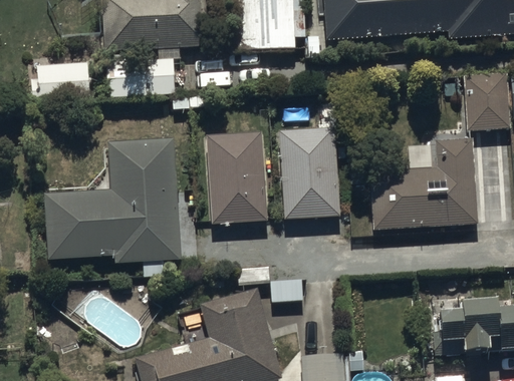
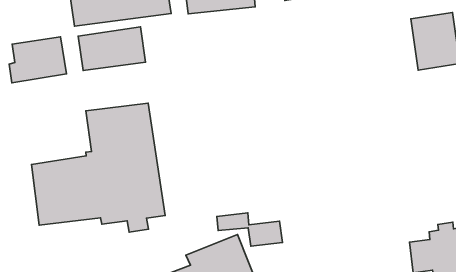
building: [203,126,269,223] -> none
building: [278,126,341,219] -> none
building: [370,137,479,233] -> none

